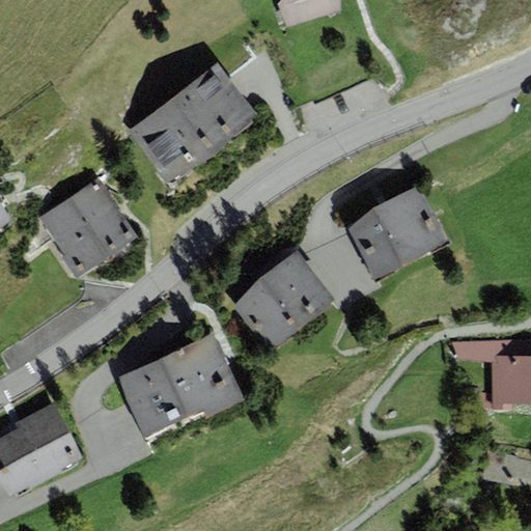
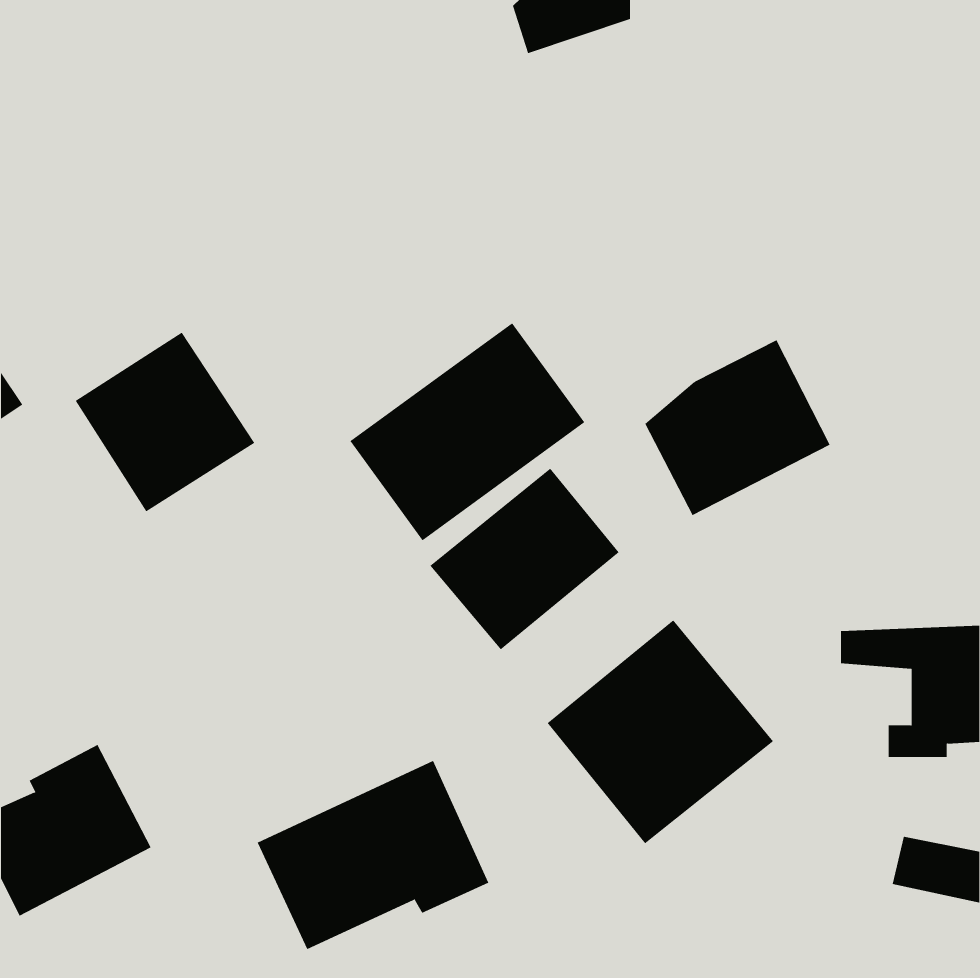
building: [130,65,257,184] -> [349,322,585,541]
building: [118,333,244,436] -> [257,760,489,950]
building: none -> [547,620,774,844]

